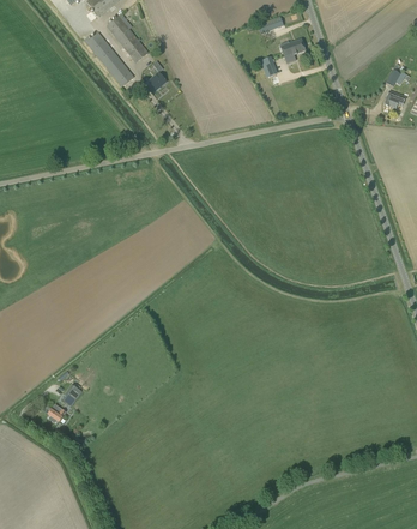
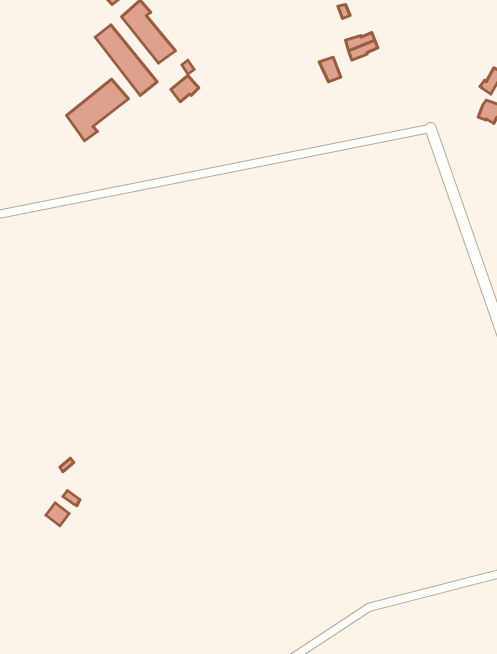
building: none -> [66,79,128,141]

